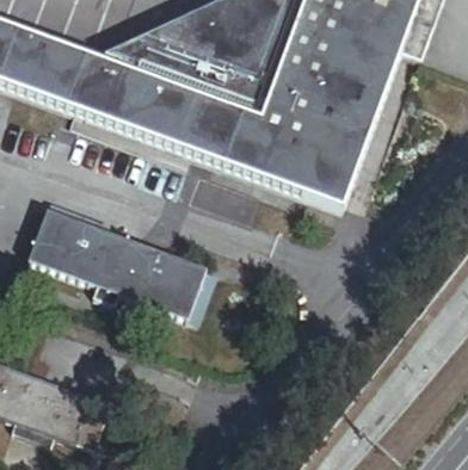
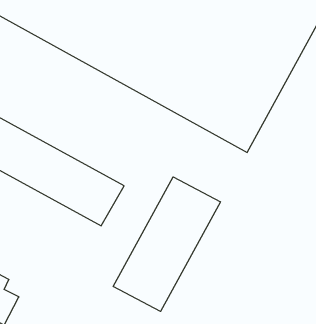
building: none -> [113,177,220,311]

